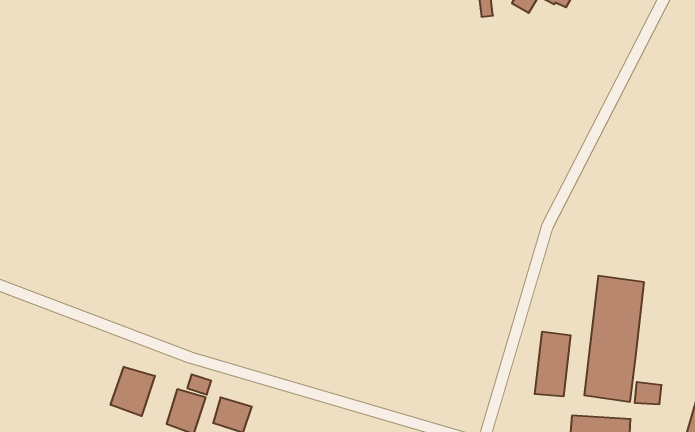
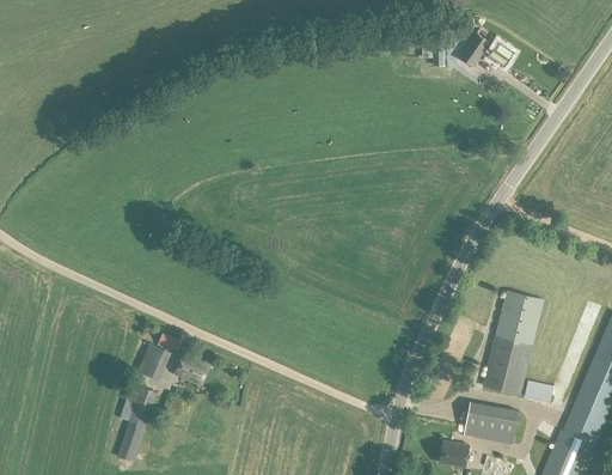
building: [535,332,571,396] -> none
building: [111,367,155,416] -> none

